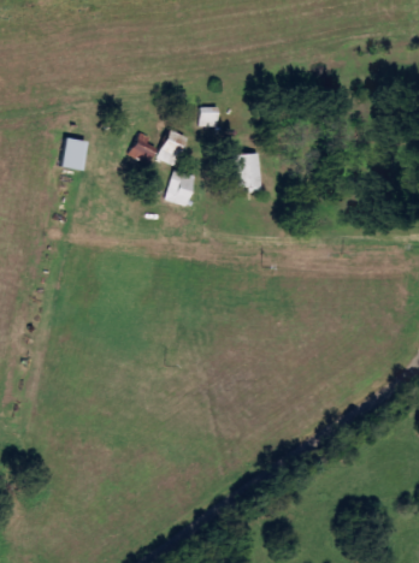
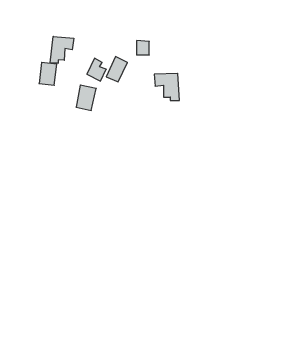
building: none -> [50,36,74,63]
building: [166,170,195,206] -> [76,85,96,110]

